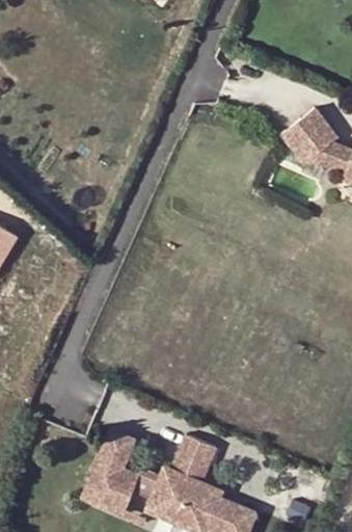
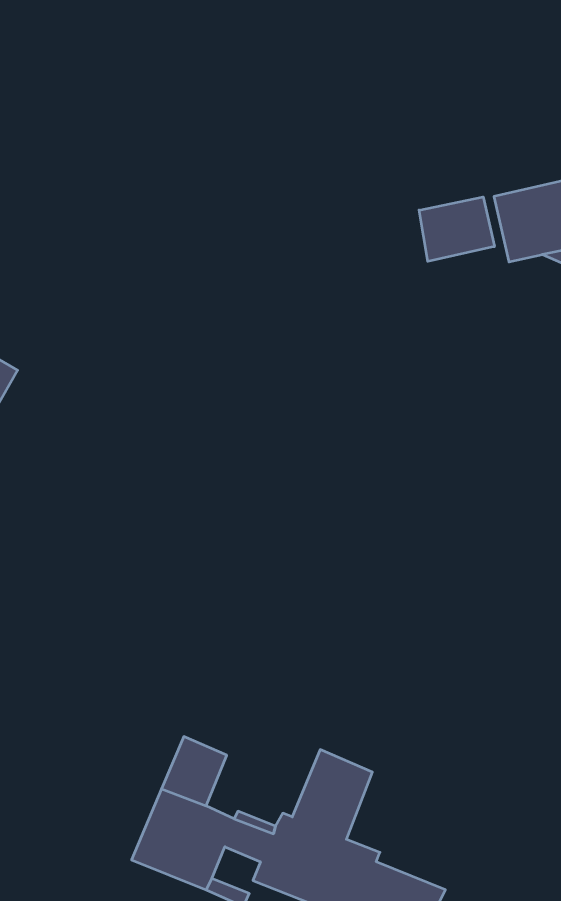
building: none -> [419,197,494,261]

